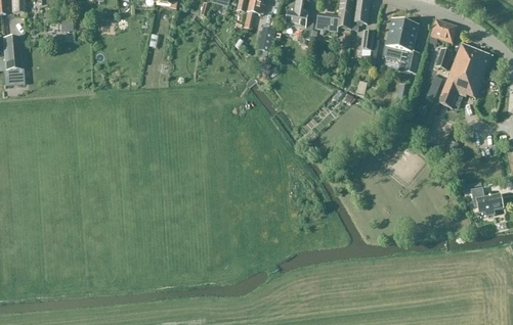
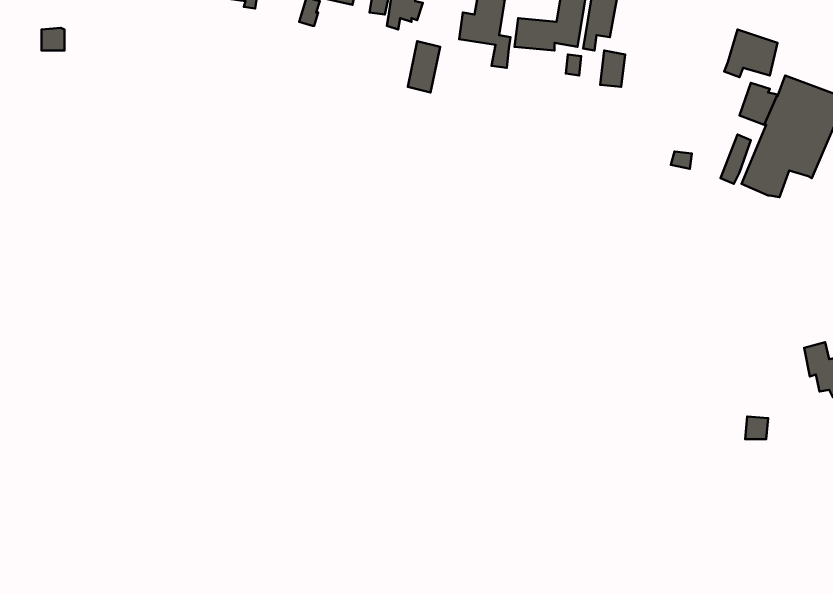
building: [384,19,419,72] -> none

